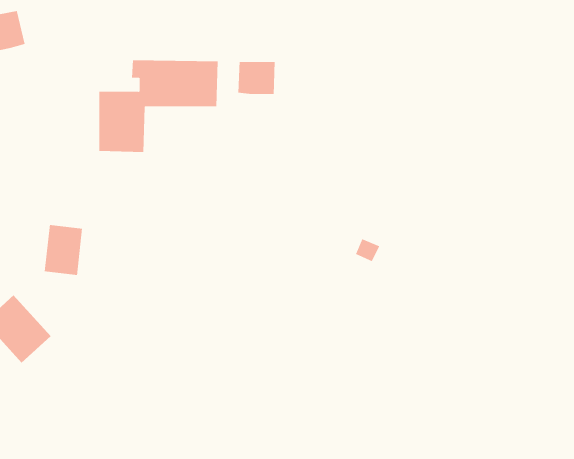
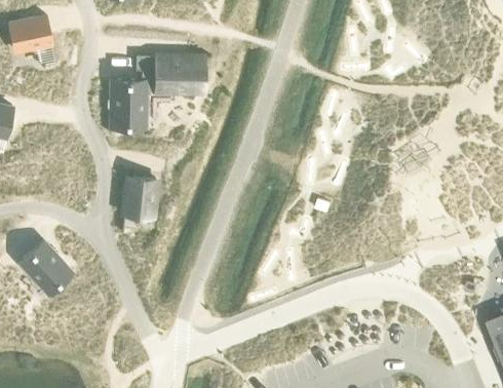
building: [238,61,275,95] -> none
building: [44,225,83,275] -> [124,178,155,218]

